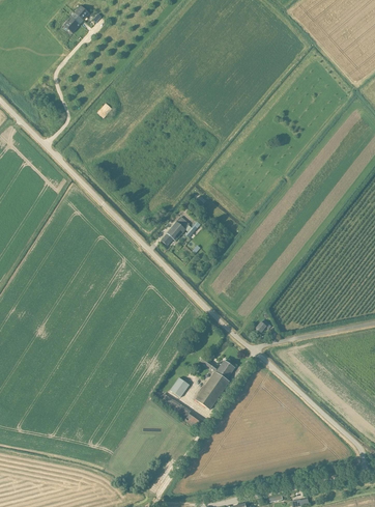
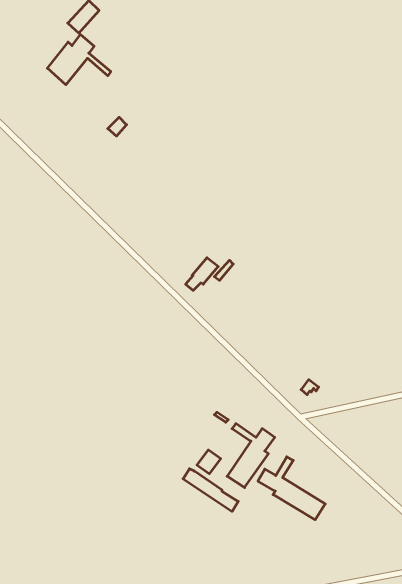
building: none -> [47,35,111,85]
building: none -> [258,457,325,520]

